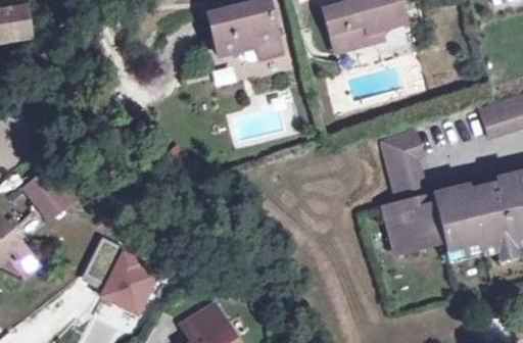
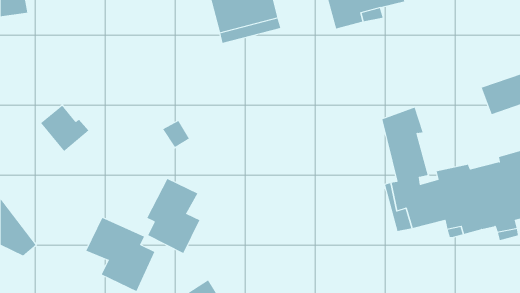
building: [26,172,75,218] -> [40,105,89,152]
building: none -> [147,178,200,254]

